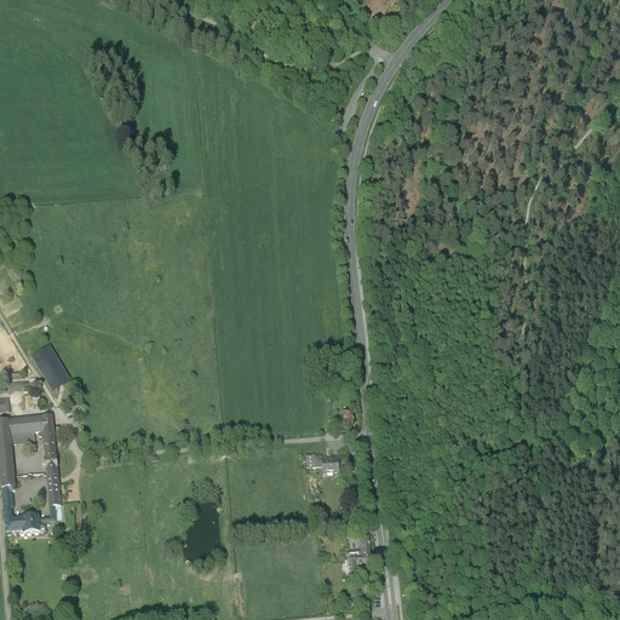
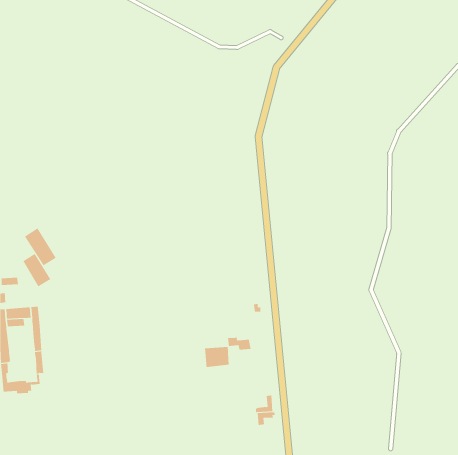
building: none -> [24,228,57,266]
building: none -> [205,346,229,368]

